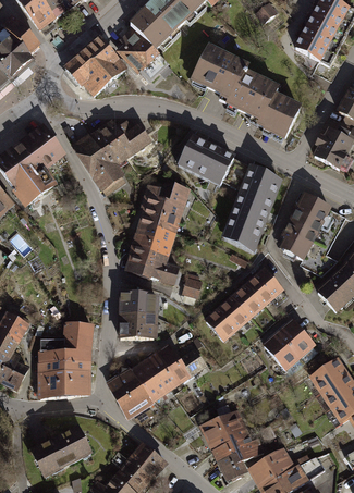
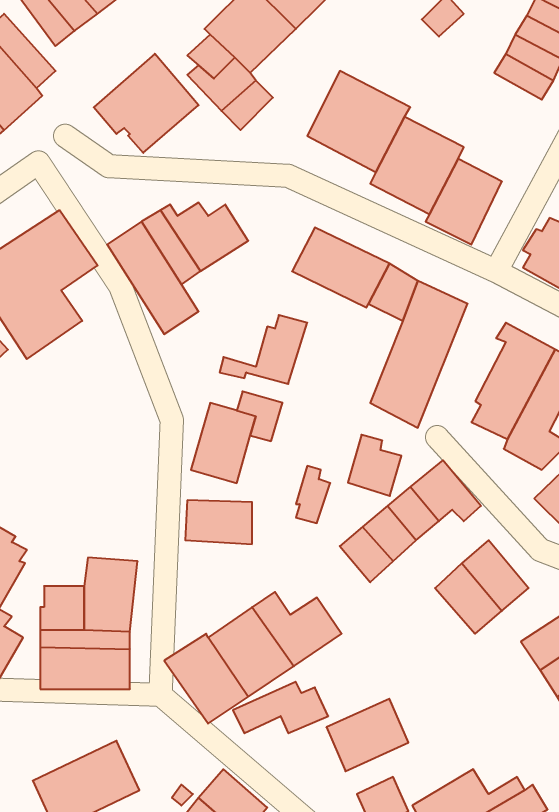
building: [139,185,166,214] -> none
building: [133,218,178,239] -> none
building: [148,254,179,288] -> [348,435,401,496]
building: [118,313,157,341] -> none
building: [210,429,265,458] -> [233,682,328,733]

